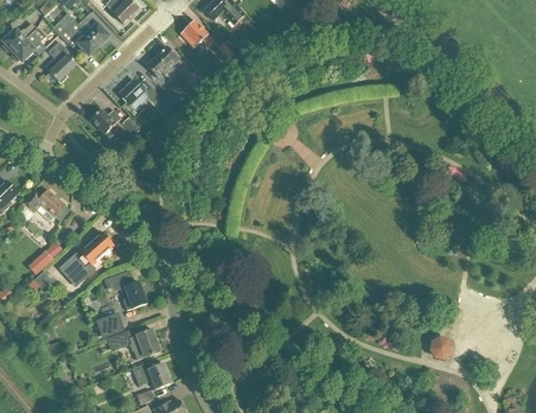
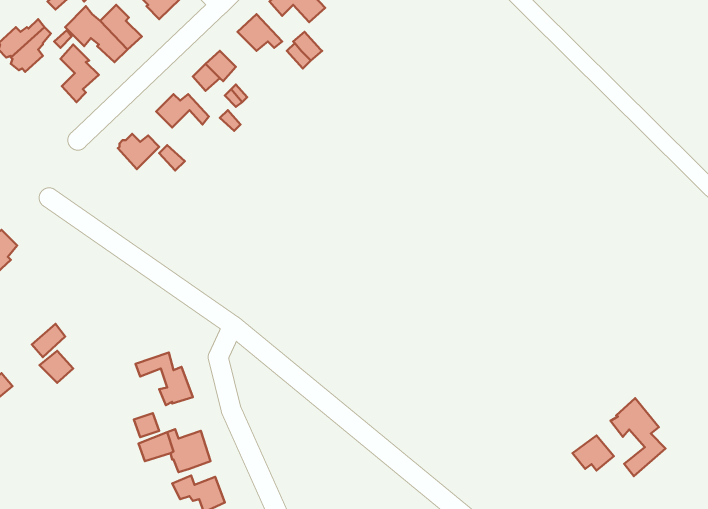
building: [23,189,70,221] -> none
building: [65,233,114,279] -> none
building: none -> [611,398,666,476]

